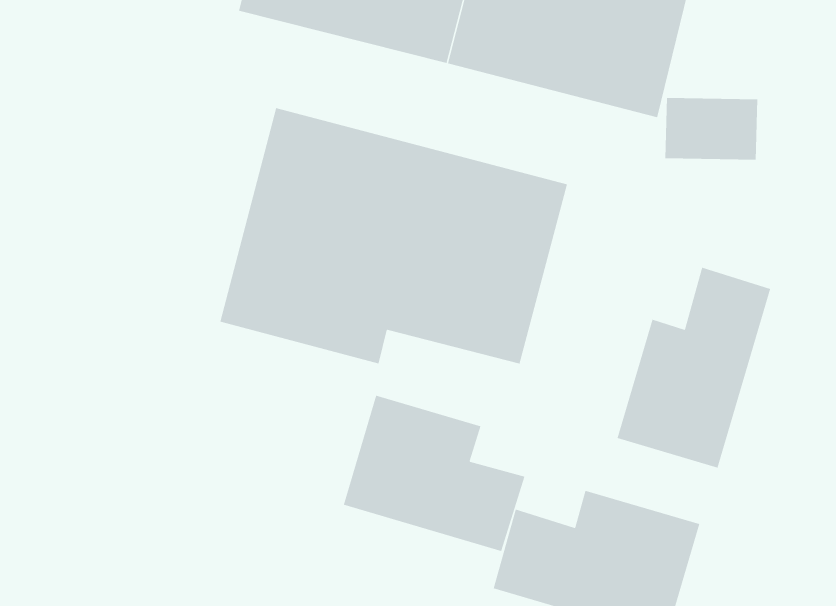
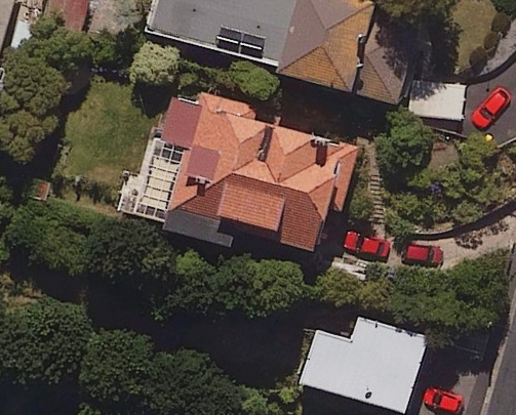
building: [617,267,771,468] -> none
building: [343,395,525,552] -> none

